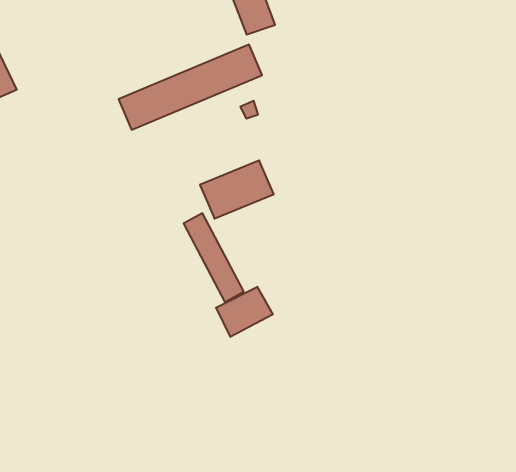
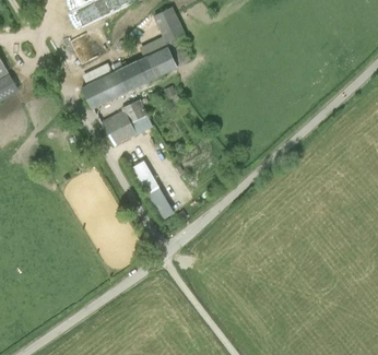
building: [200,160,274,219] -> [102,104,151,144]
building: [216,287,273,337] -> none

